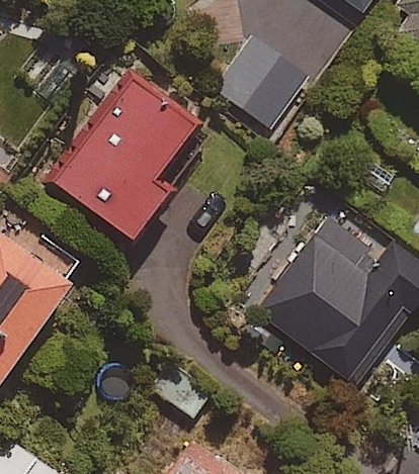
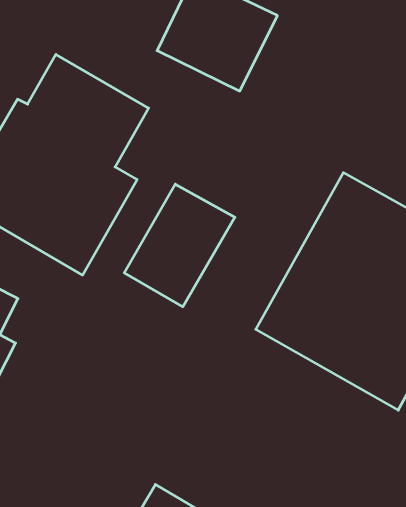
building: none -> [124,184,235,307]

